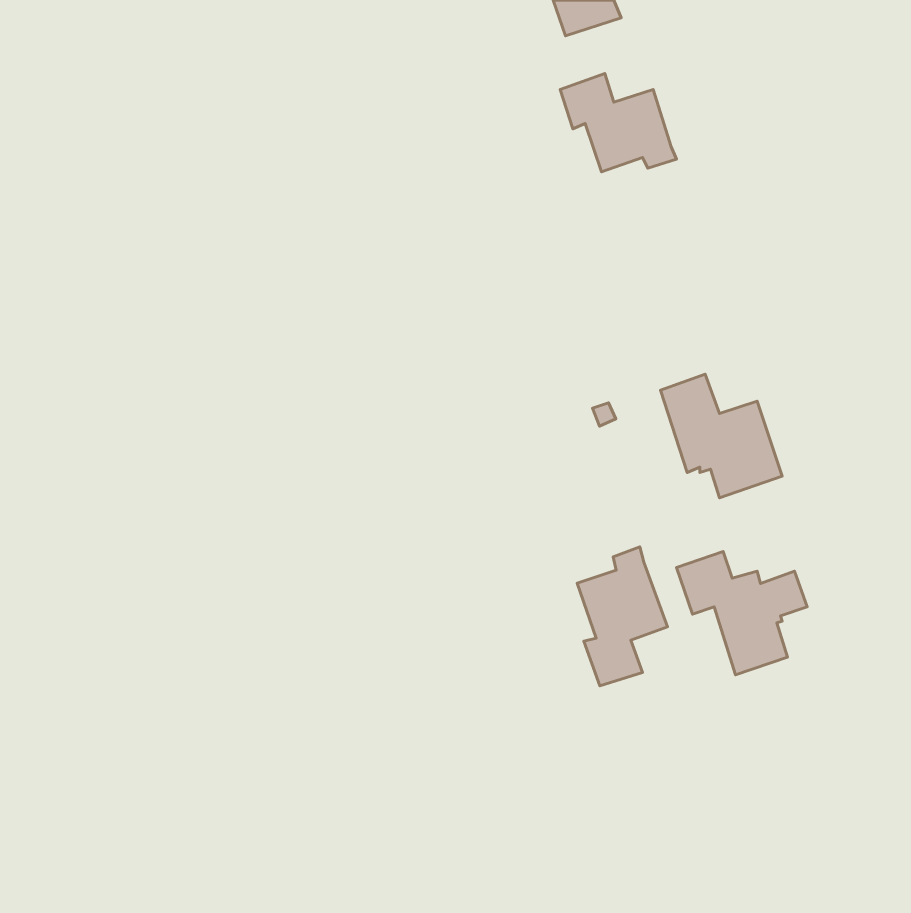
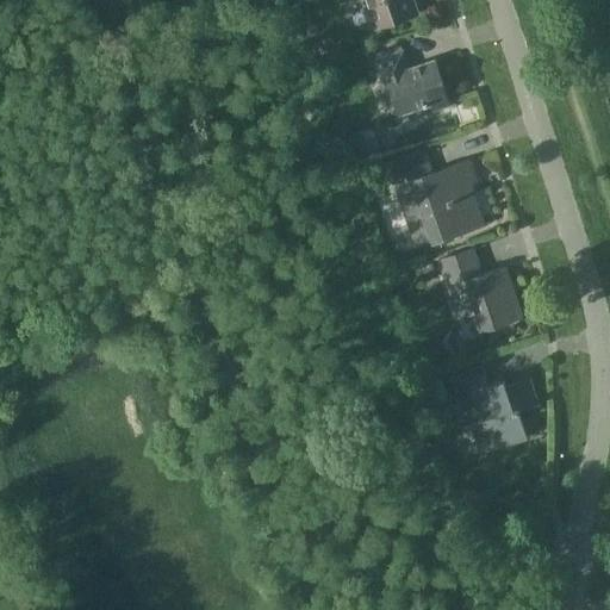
building: none -> [381,151,485,244]
building: [577,547,667,686] -> none

